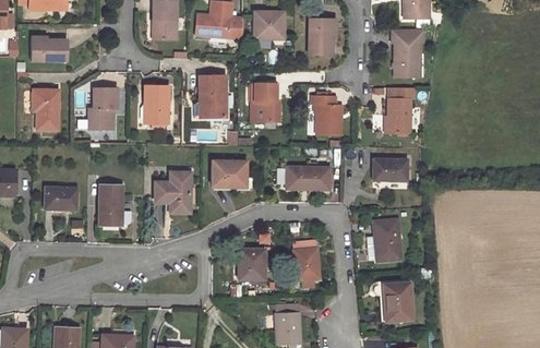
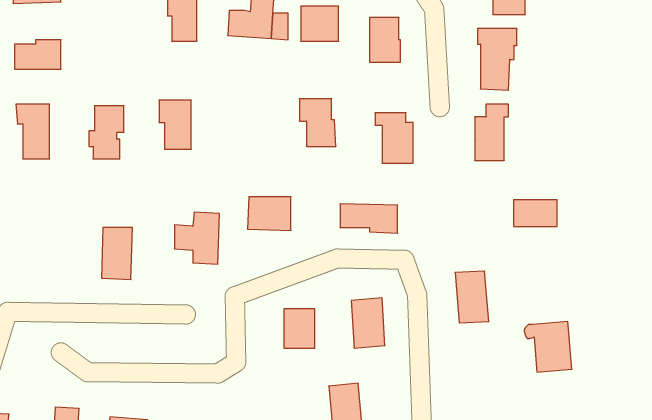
building: [196,76,223,117] -> none
building: [375,157,409,178] -> [514,200,557,226]
building: [45,188,79,211] -> none
building: [373,280,410,320] -> [524,322,572,372]

